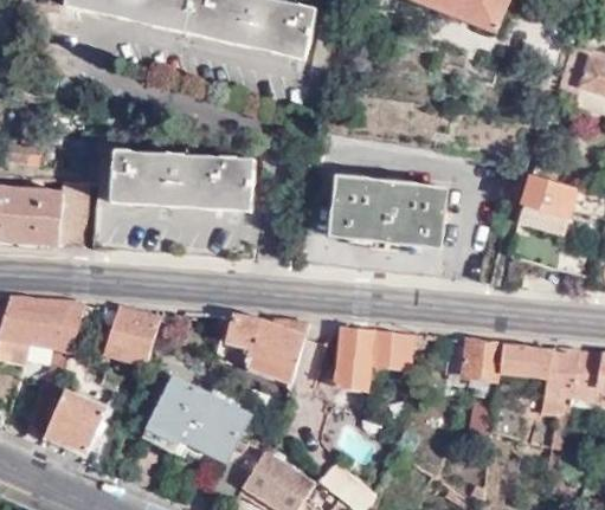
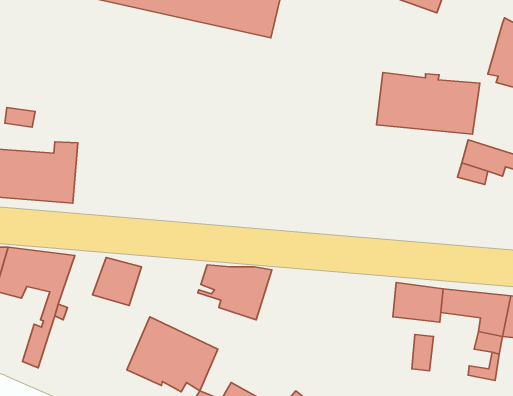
building: [112,150,255,208] -> none
building: [330,175,448,245] -> [377,73,480,134]
building: [334,325,425,392] -> none
building: [44,388,103,450] -> none

